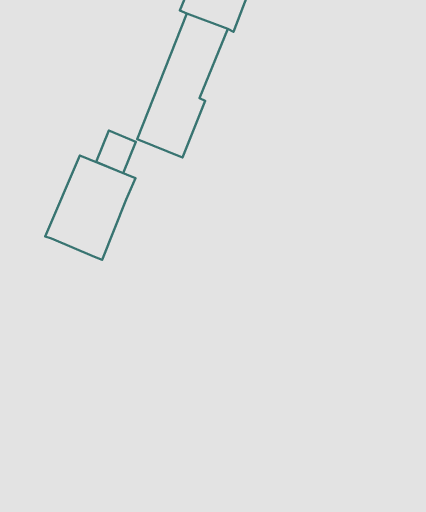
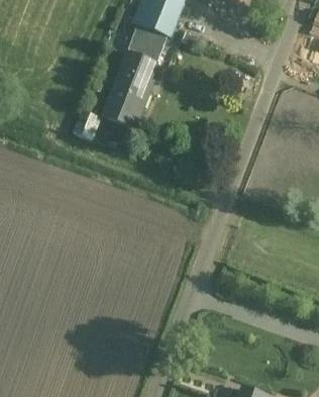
building: [45,156,136,260] -> none

